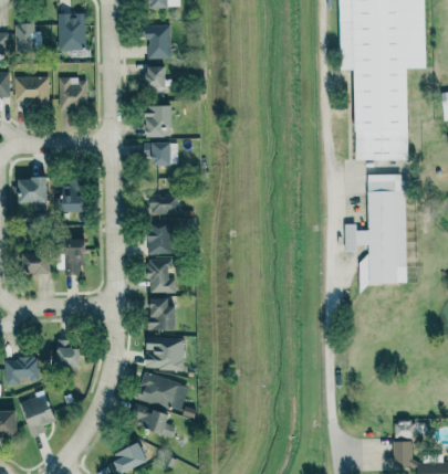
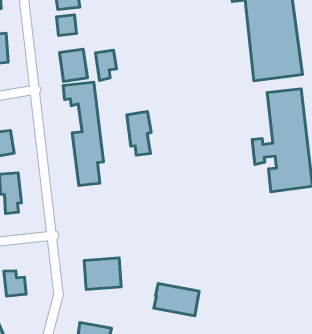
building: none -> [96,50,116,80]
building: none -> [127,111,151,155]
building: [148,259,176,293] -> none
building: [148,298,175,330] -> none
building: [137,372,189,412] -> [154,283,199,316]

